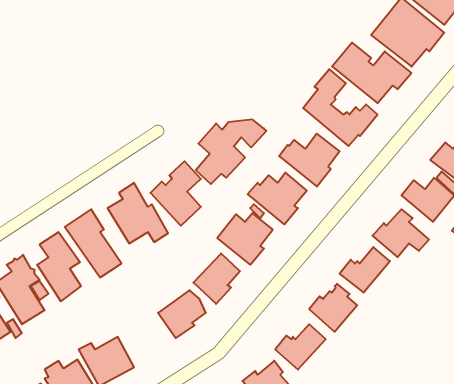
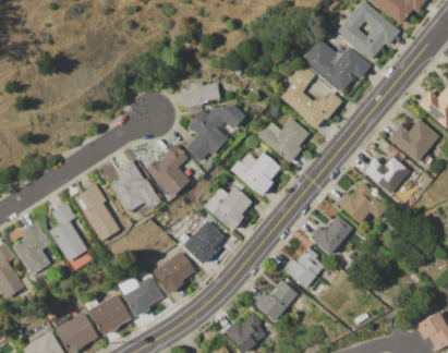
building: none -> [181,82,220,108]
building: none -> [118,276,162,317]

